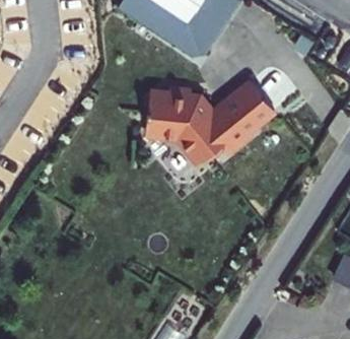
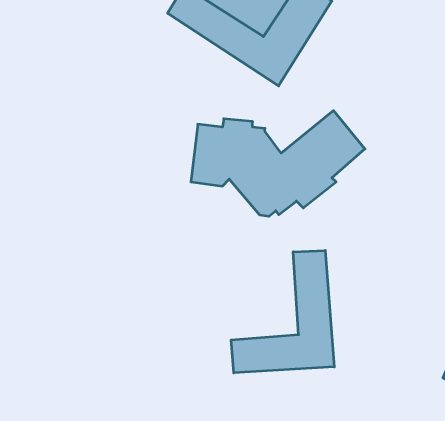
building: none -> [231,250,334,373]

